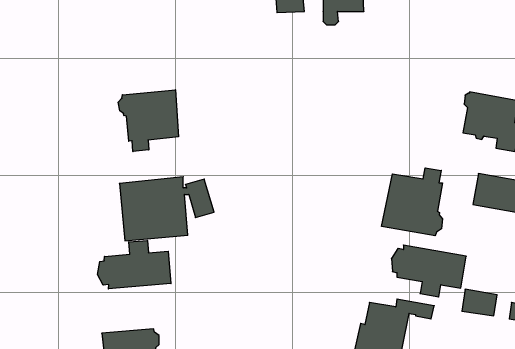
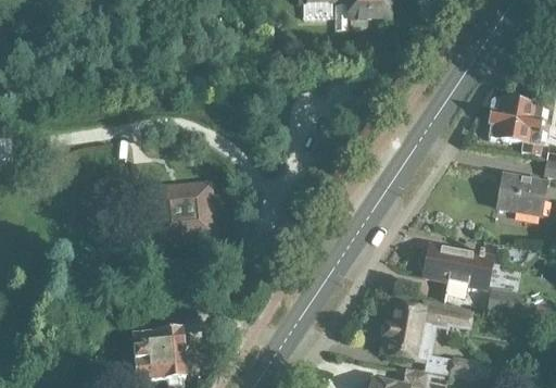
building: [118,90,178,152] -> none
building: [382,168,442,236] -> none
building: [98,240,171,289] -> none

